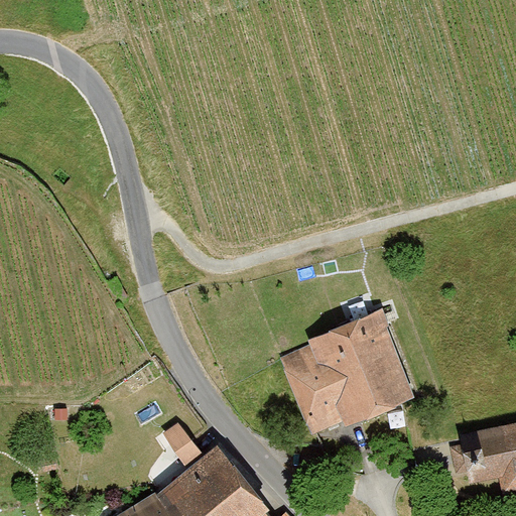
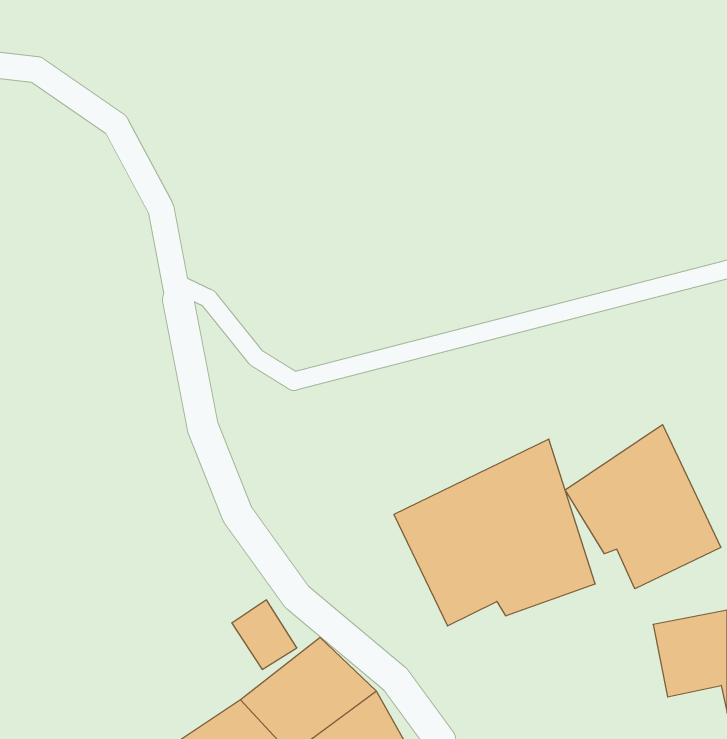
building: none -> [565,425,721,589]

